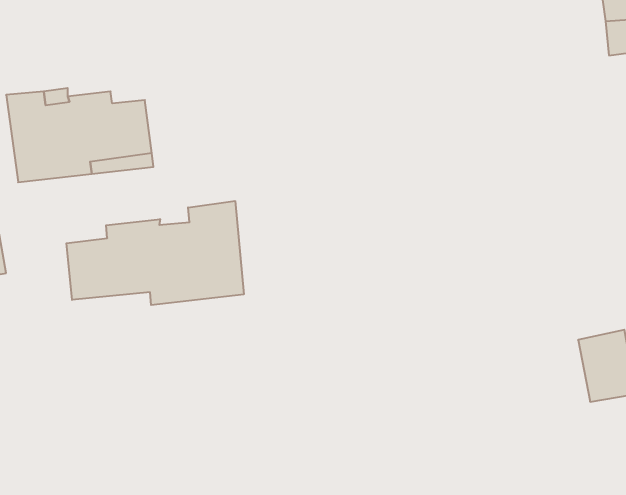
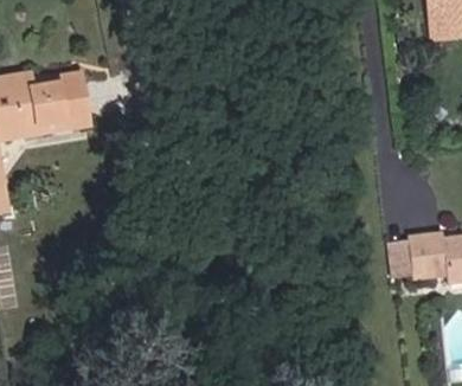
building: [66,201,244,305] -> none

